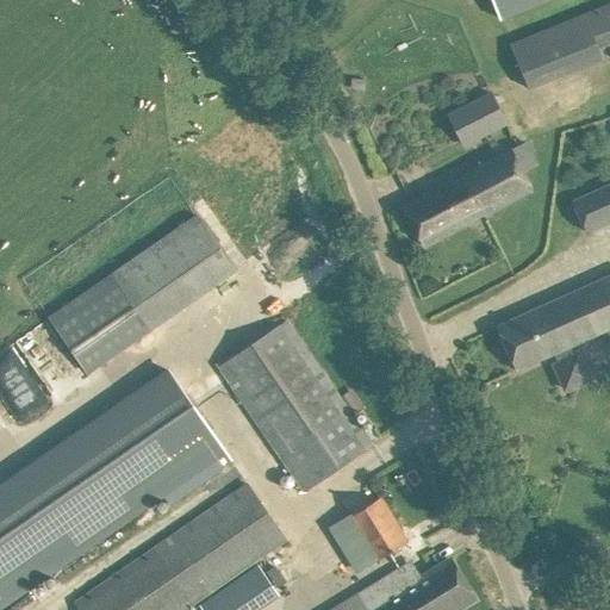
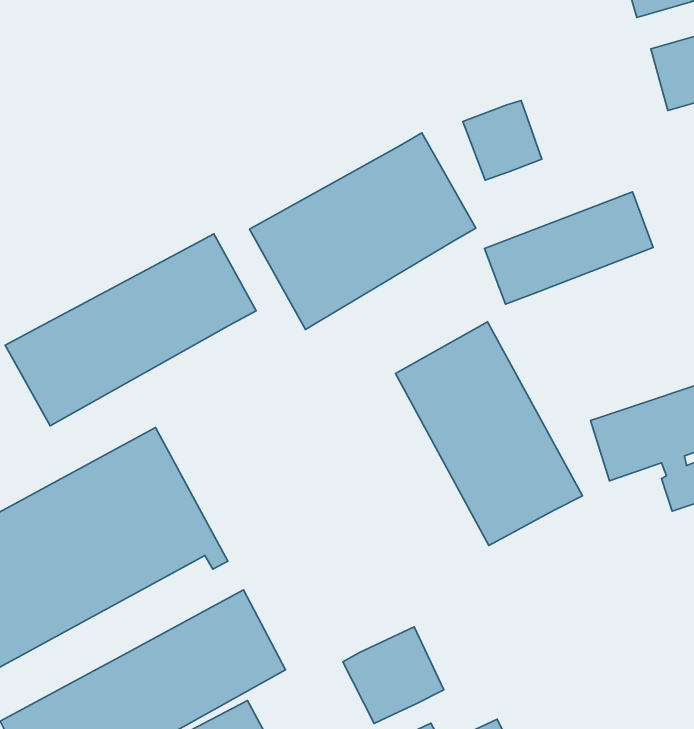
building: none -> [463,100,542,180]
building: [462,94,506,139] -> none
building: none -> [249,133,476,330]
building: [220,322,372,491] -> [396,322,582,546]

